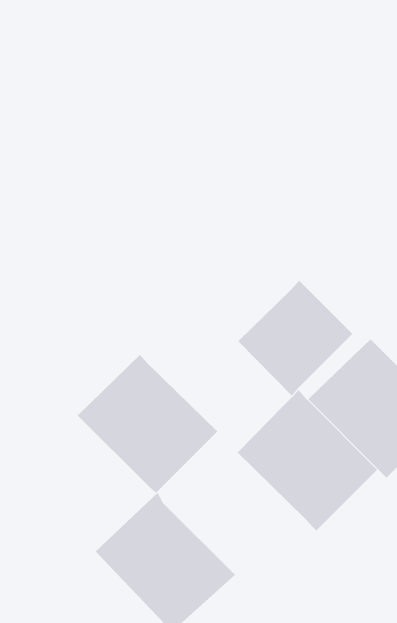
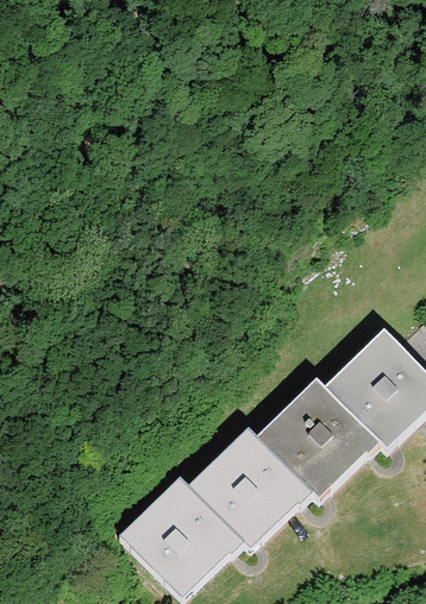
building: [238,280,353,396] -> none
building: [77,354,218,493] -> [183,426,319,560]

